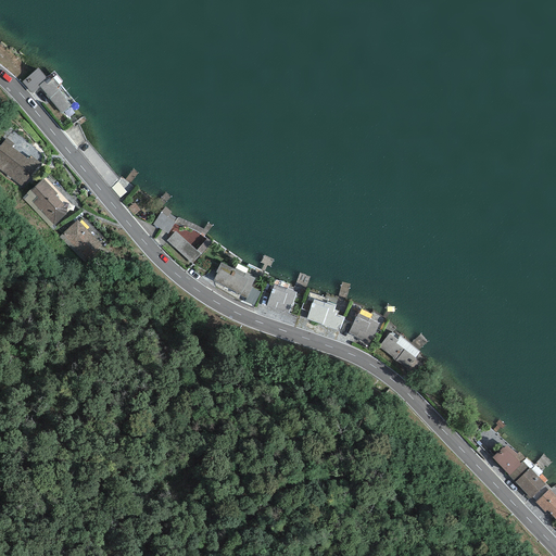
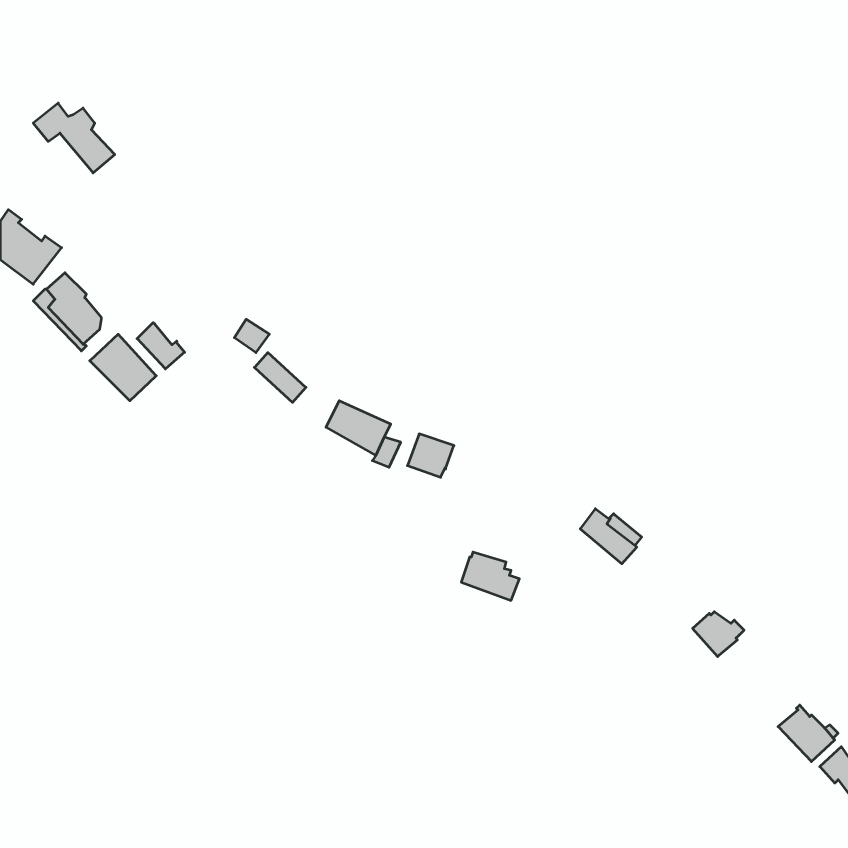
building: none -> [137,323,185,369]
building: [307,299,345,330] -> [461,552,519,600]
building: [349,312,380,343] -> none
building: [493,445,527,475] -> [693,612,744,657]

